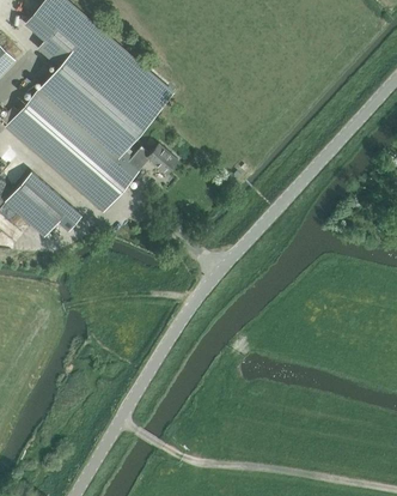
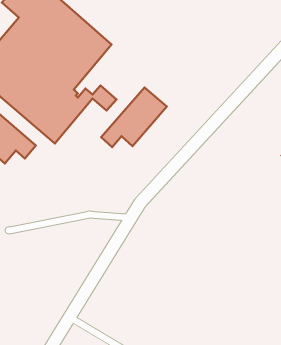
building: none -> [101,88,167,147]

